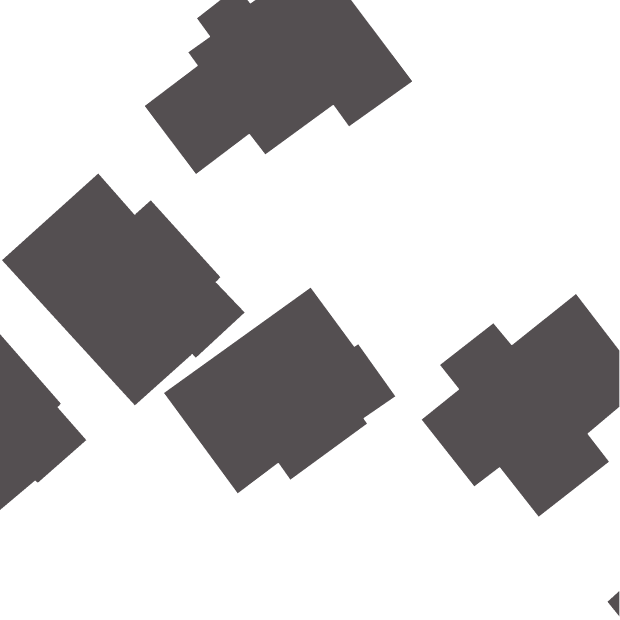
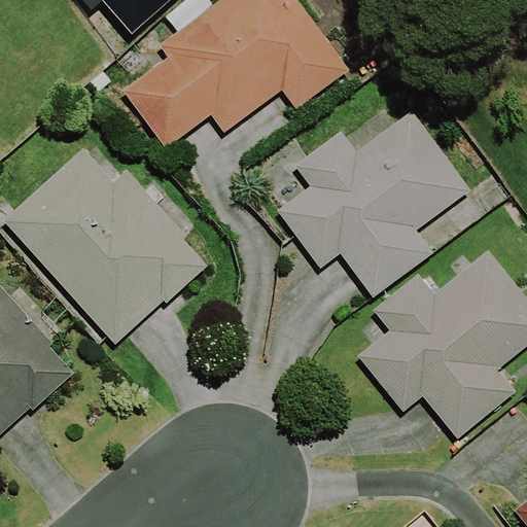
building: none -> [276,109,470,296]
building: [163,287,396,494] -> none

